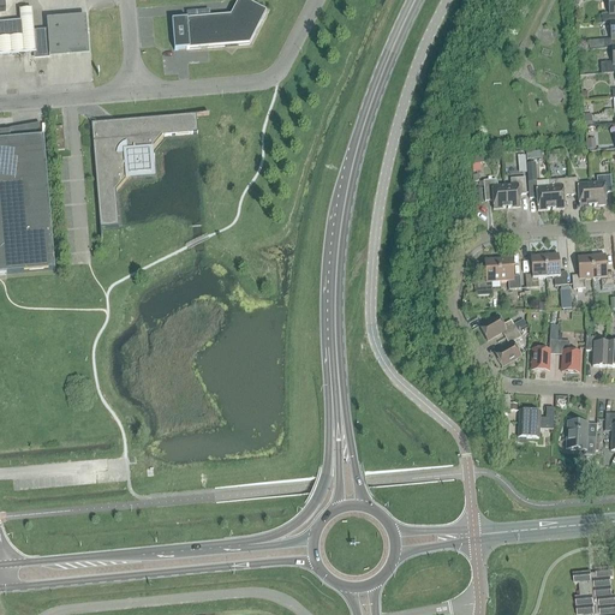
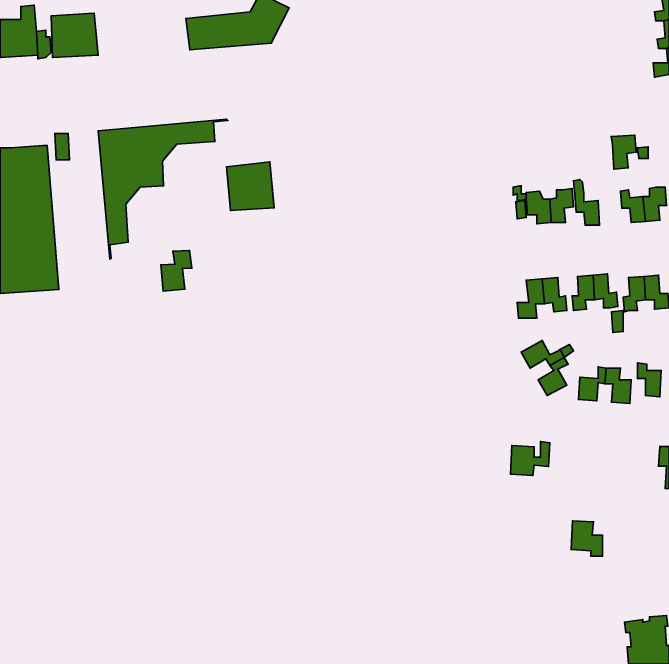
building: none -> [227,162,274,210]
building: [548,175,571,207] -> [611,135,636,169]
building: none -> [161,250,192,291]
building: [518,404,554,435] -> [510,442,550,476]
building: [566,419,595,452] -> [571,521,603,556]

